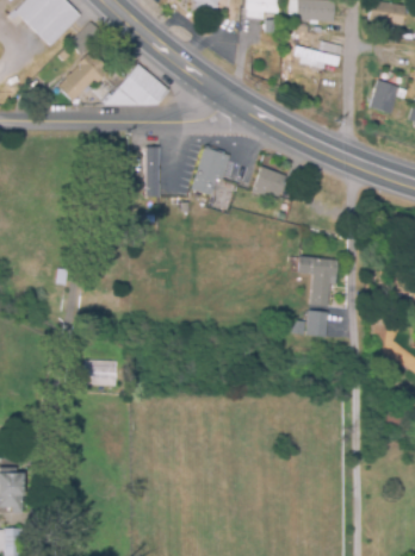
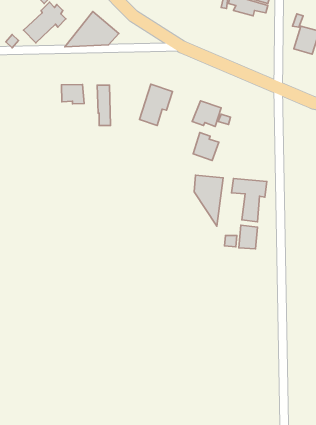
building: none -> [62,84,84,104]
building: none -> [193,133,219,160]
building: none -> [194,175,223,226]
building: [85,360,117,385] -> none

